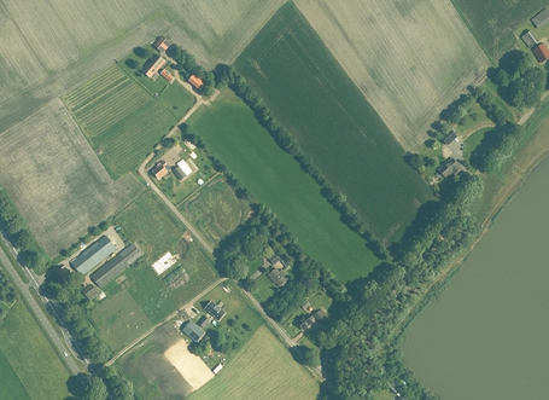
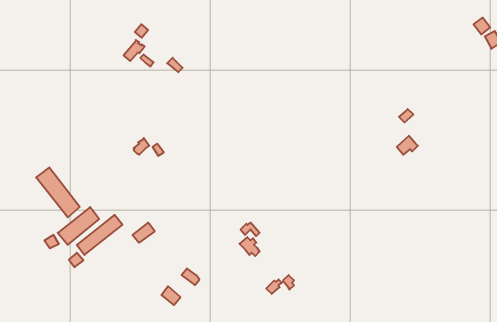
building: none -> [36,167,80,217]

